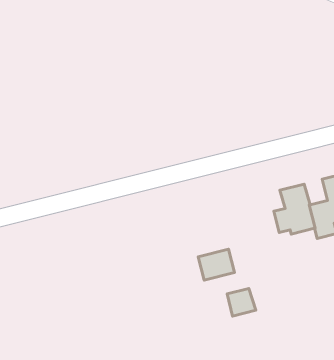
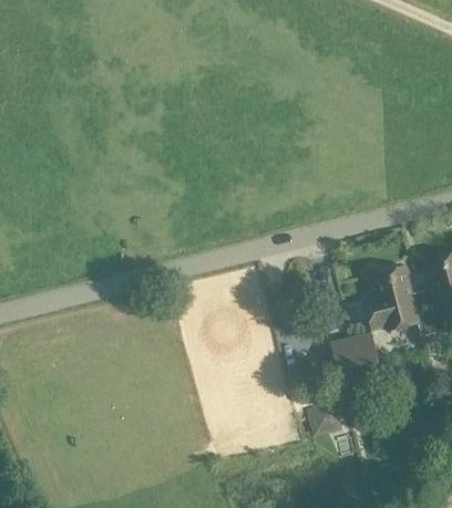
building: [198,249,234,280] -> [333,334,380,374]

